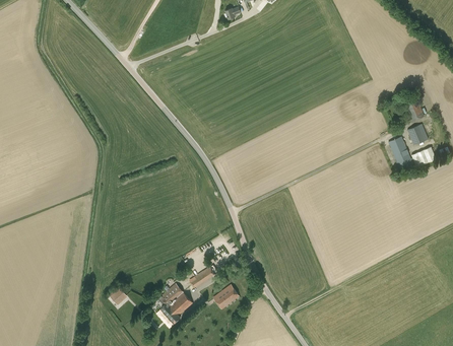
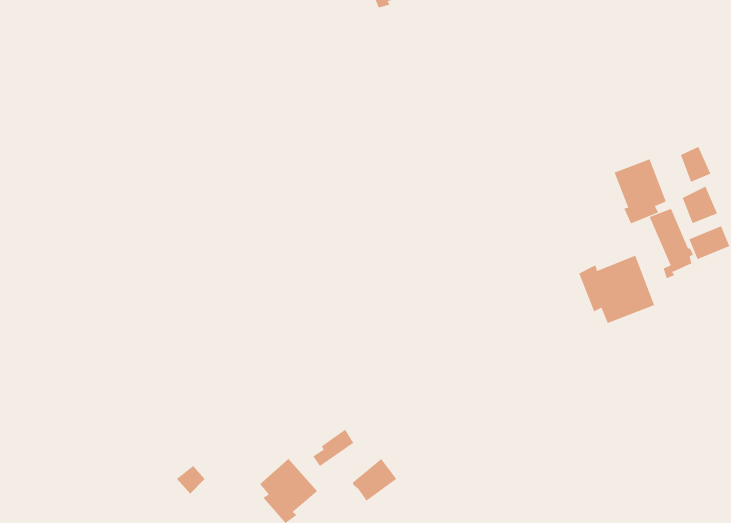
building: none -> [614,159,667,224]
building: none -> [579,255,655,324]

